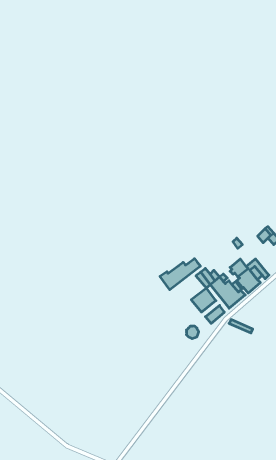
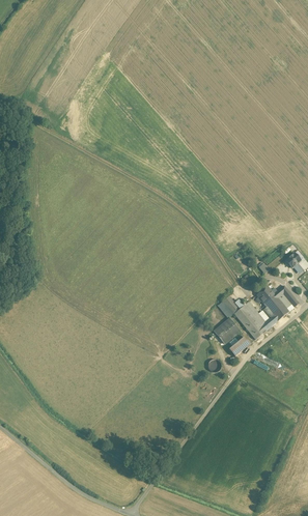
building: [160,259,200,290] -> none

